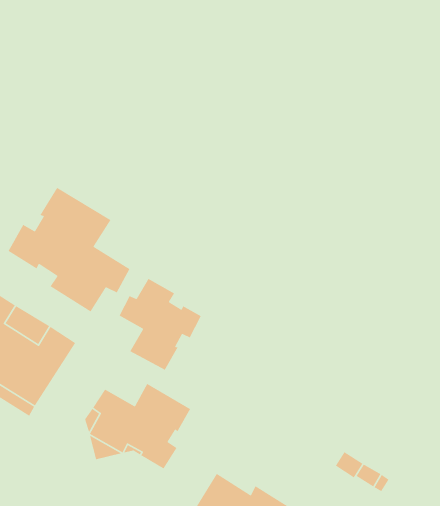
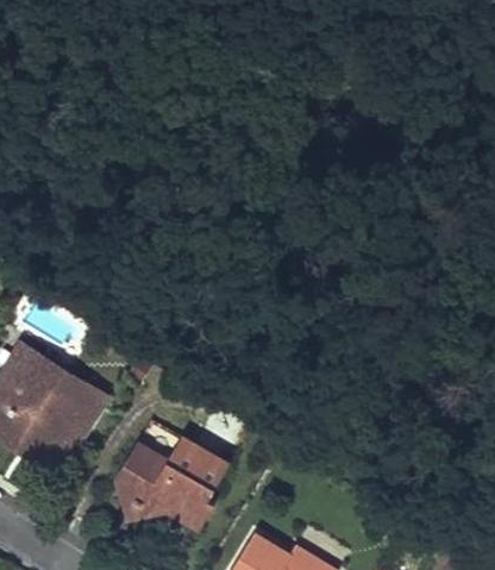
building: [8,187,131,312] -> none
building: [119,278,202,371] -> none

